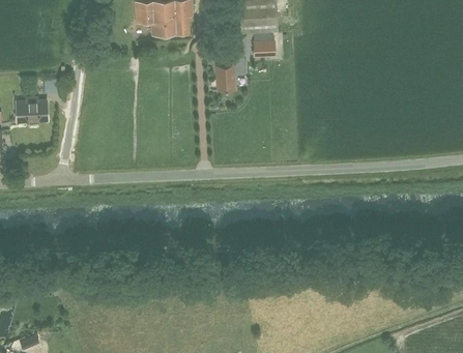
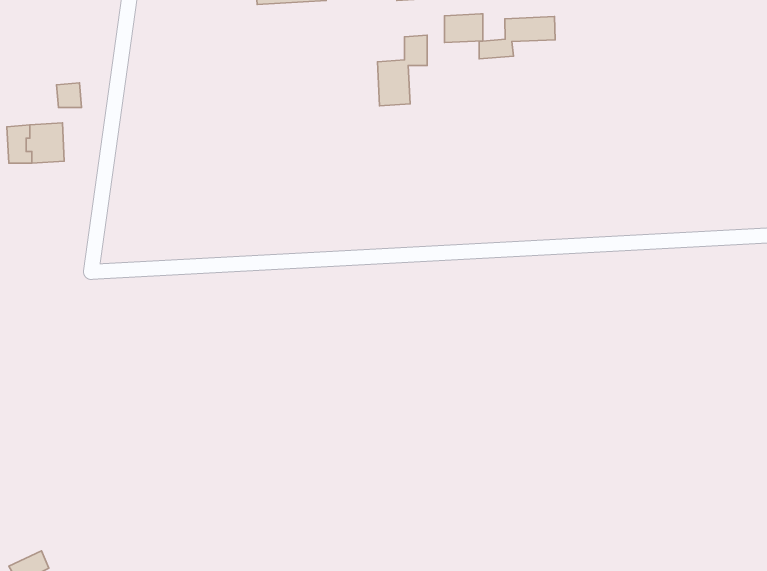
building: none -> [479,16,555,59]

